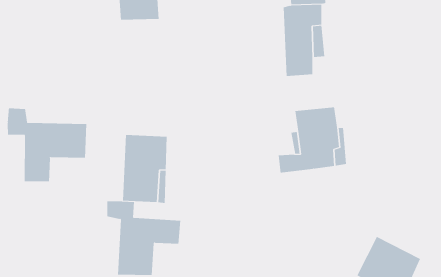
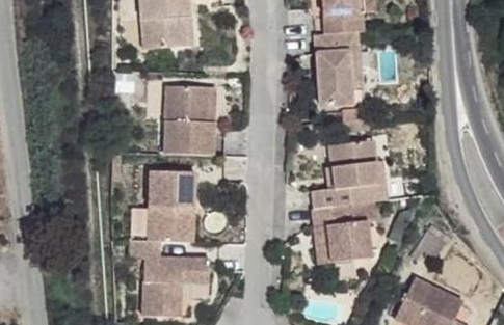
building: none -> [162,84,210,154]
building: [7,107,87,182] -> none
building: none -> [309,206,372,265]

